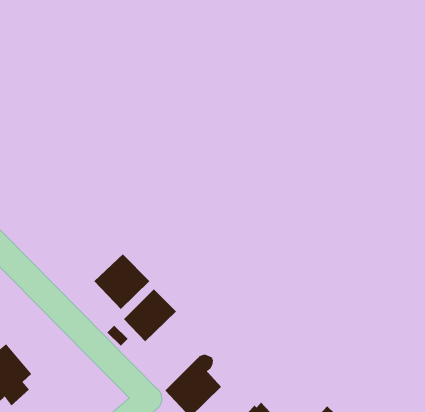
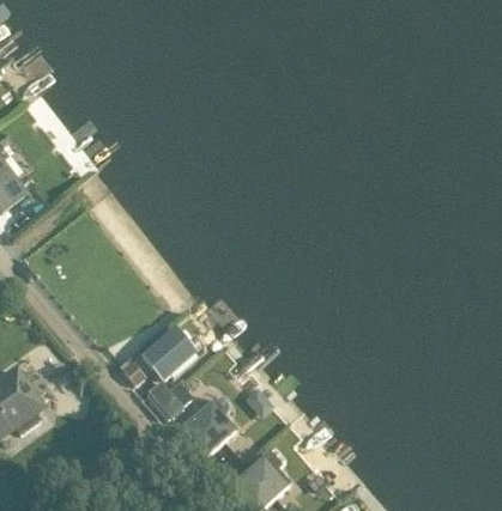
building: [93,254,150,310] -> none
building: none -> [146,379,190,418]

